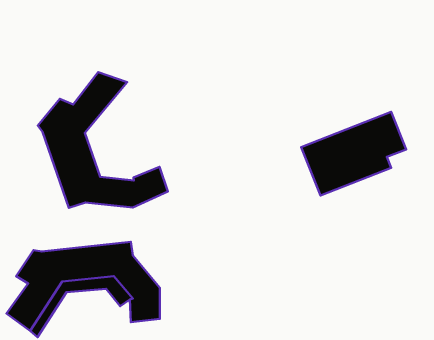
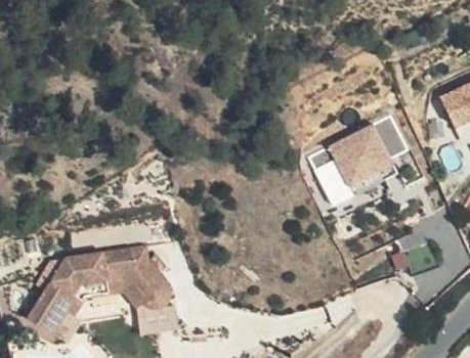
building: [38,72,168,208] -> none

